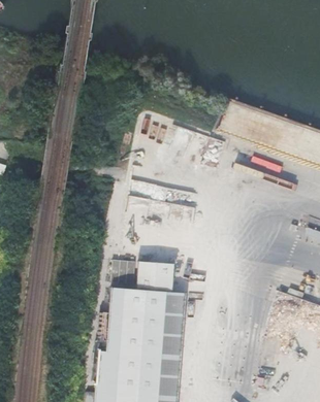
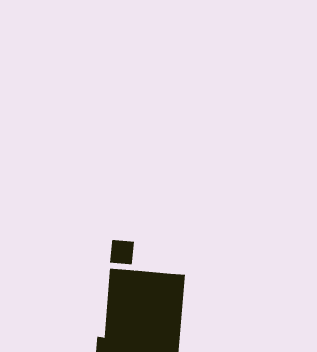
building: [136,261,173,292] -> none

